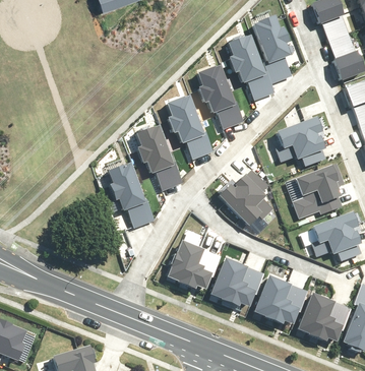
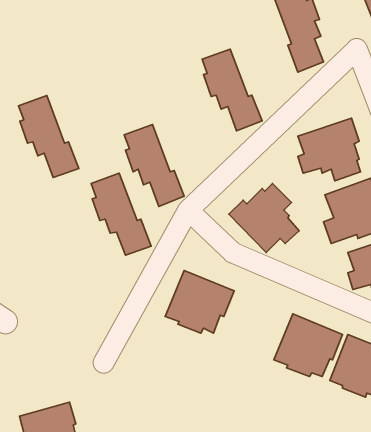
building: [229,36,277,101] -> none
building: [167,97,215,162] -> [19,96,79,178]
building: [208,258,263,308] -> none

